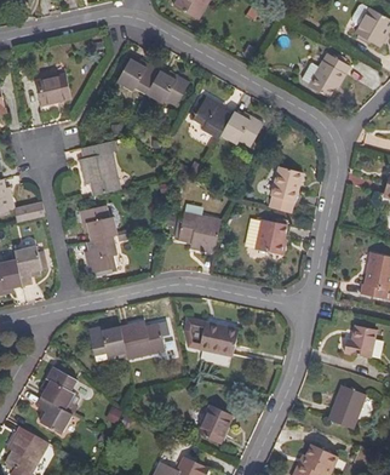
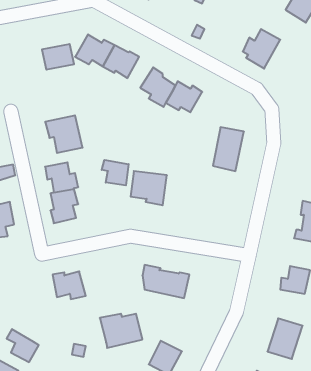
building: [34,74,70,103] -> [42,44,74,70]
building: none -> [102,160,129,185]
building: [253,218,286,254] -> none
building: [116,322,165,361] -> [100,314,142,348]
building: [40,364,76,407] -> none

